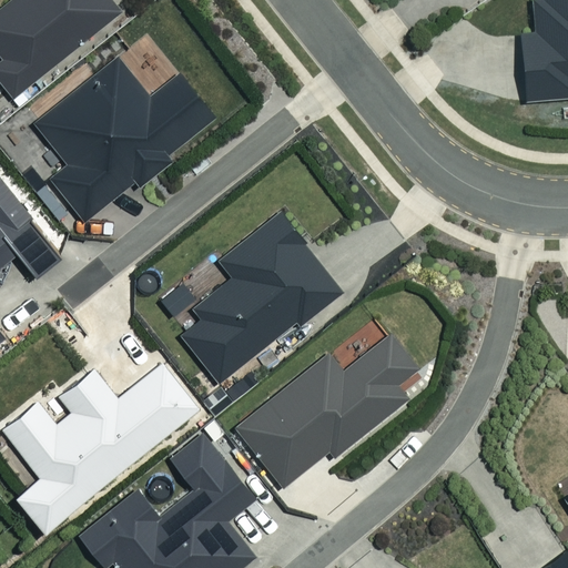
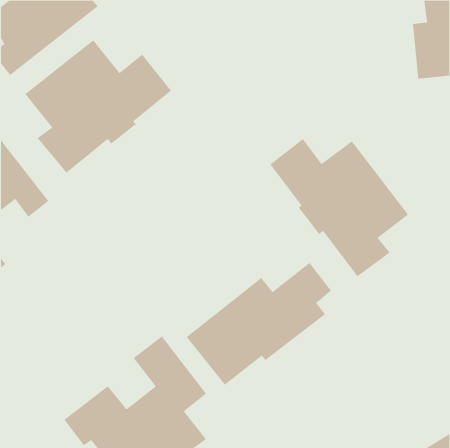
building: none -> [269,138,409,277]
building: [179,209,341,386] -> none
building: [9,361,201,530] -> none

